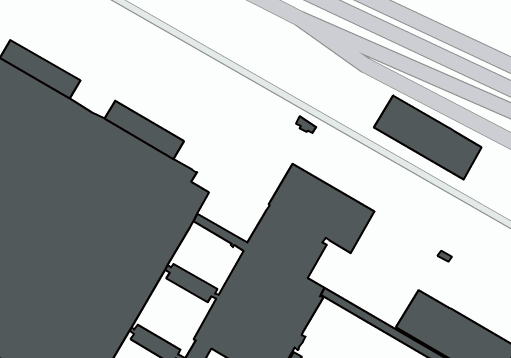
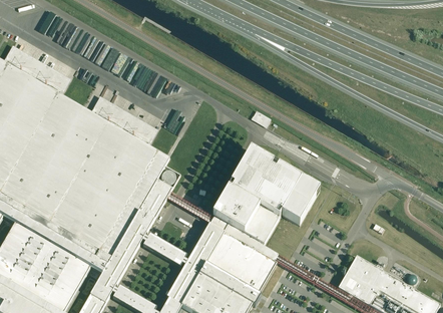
building: [374,95,481,180] -> none

